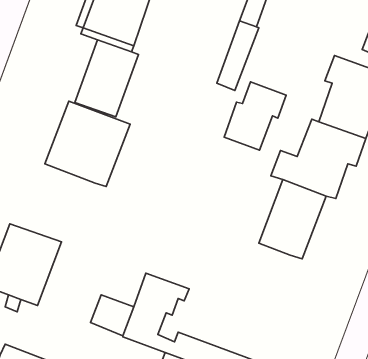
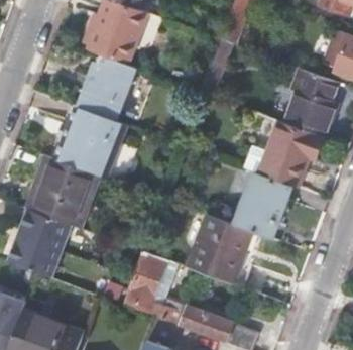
building: [224,82,286,150] -> none
building: none -> [27,153,99,228]
building: none -> [188,215,262,287]

